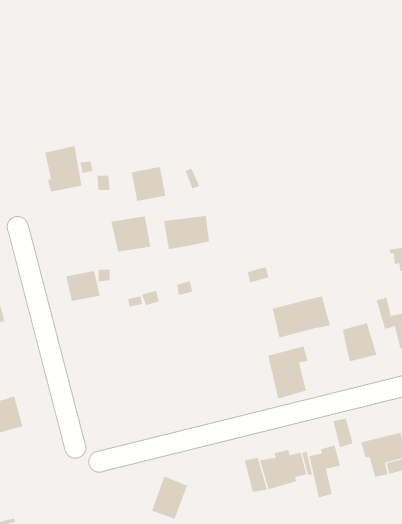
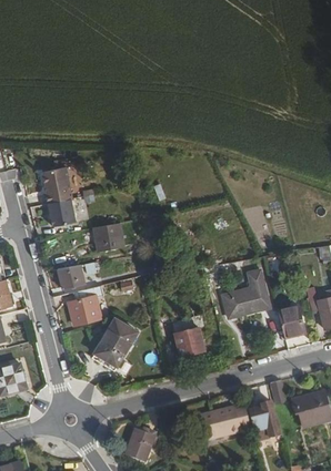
building: [131,166,166,202] -> [48,197,76,225]
building: [163,215,210,250] -> none
building: none -> [70,285,103,324]
building: none -> [92,317,138,369]
building: [268,346,308,399] -> [173,314,205,356]

